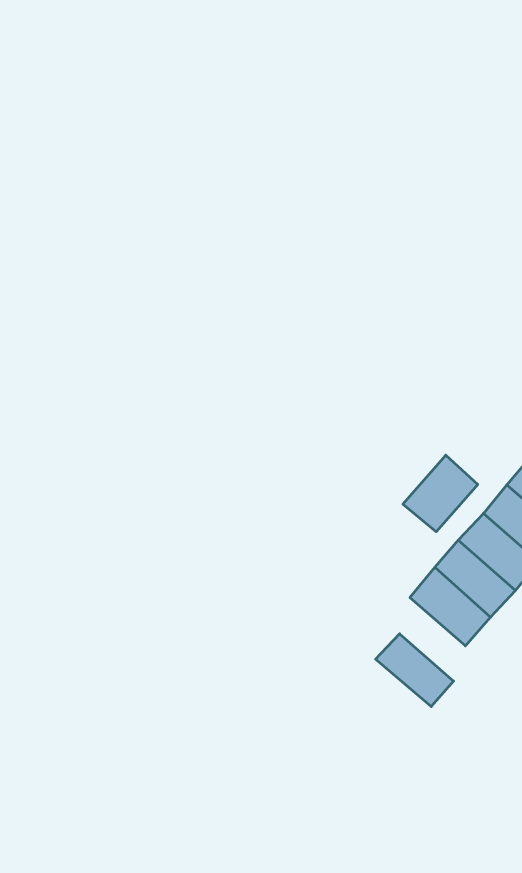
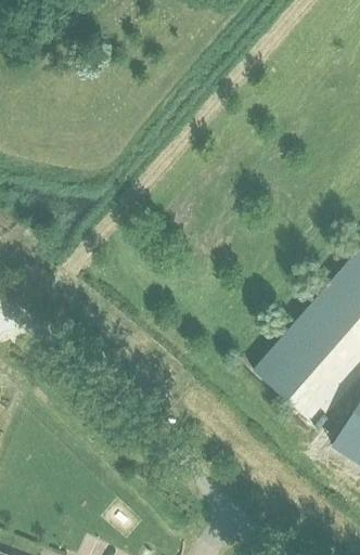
building: [403,455,478,532] -> none
building: [376,634,454,707] -> none

